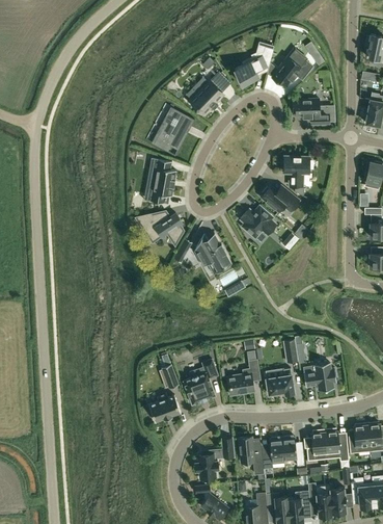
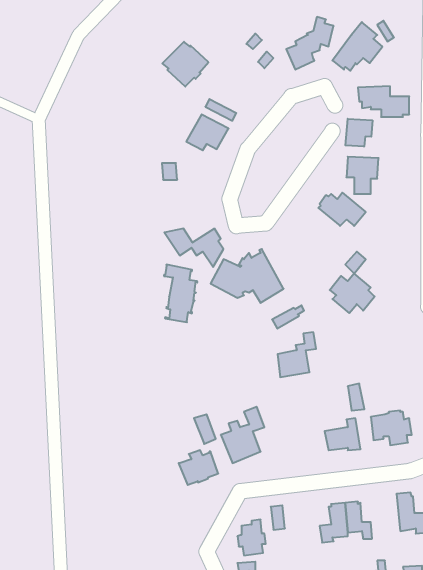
building: [186,78,223,114] -> [162,42,208,87]
building: none -> [345,119,372,147]
building: [149,158,176,205] -> [164,265,197,322]
building: [240,206,276,238] -> [330,273,375,313]
building: [227,360,258,396] -> [278,332,316,377]
building: [306,429,327,461] -> none
building: [239,437,264,475] -> none

